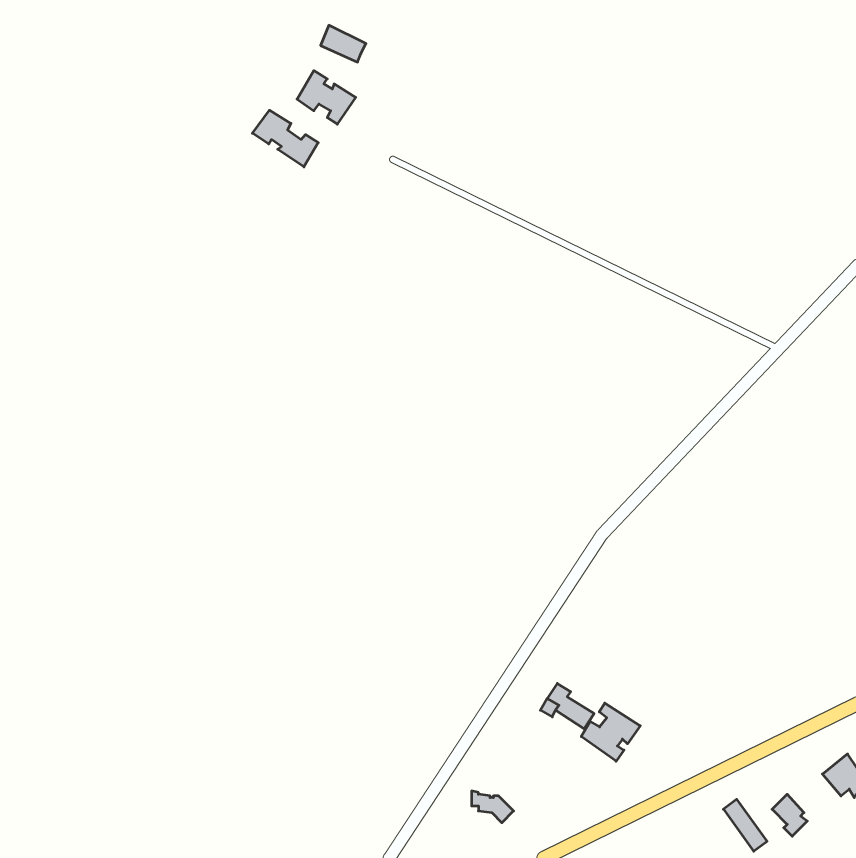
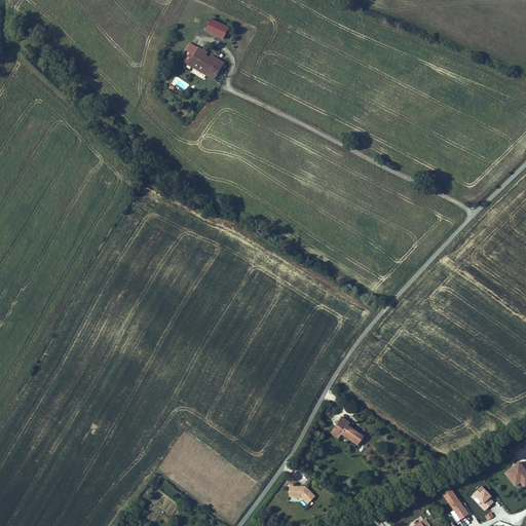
building: [252,110,318,167] -> none
building: [581,703,640,761] -> none

